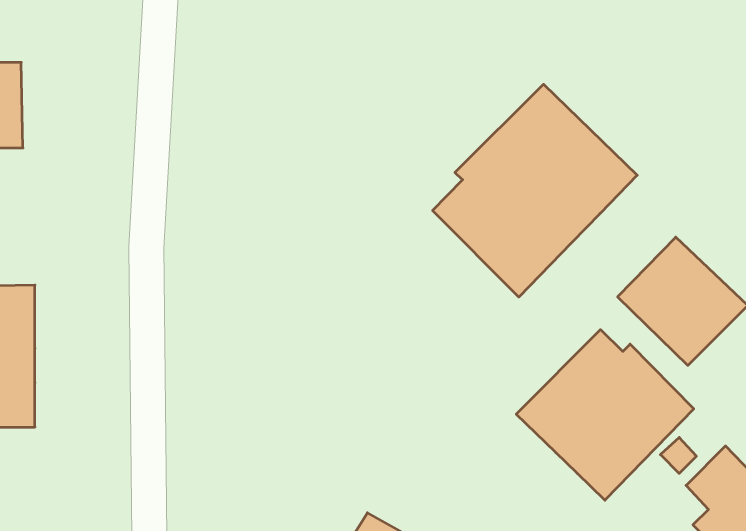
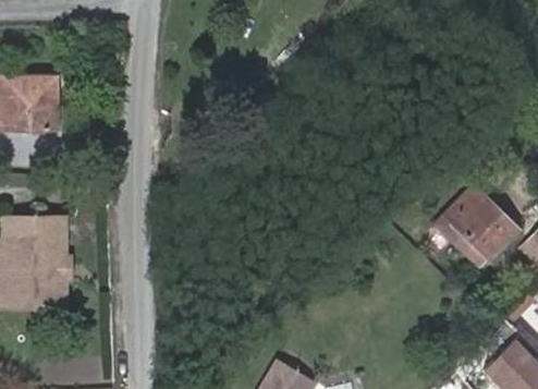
building: [433,84,637,297] -> none
building: [516,330,694,500] -> none

